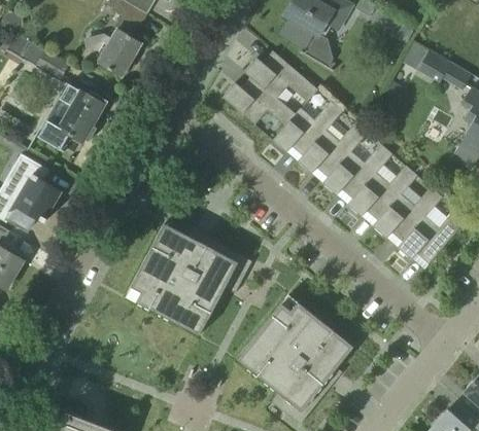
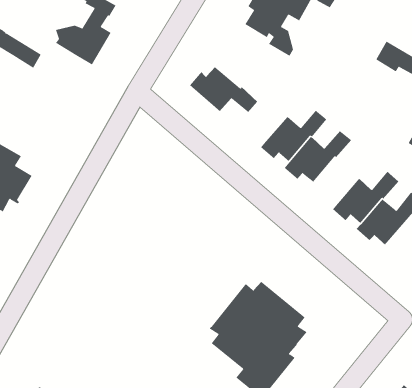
building: [243,50,317,101] -> none
building: [37,83,107,152] -> none
building: [272,101,342,155] -> none
building: [347,166,417,220] -> none
building: [131,228,251,330] -> none

